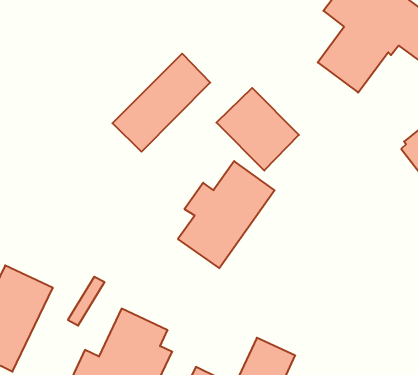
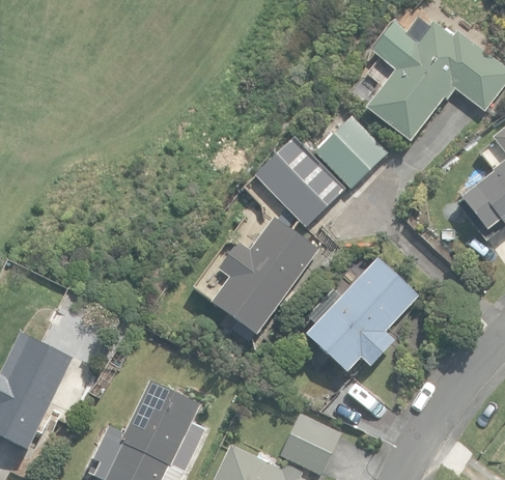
building: [112,54,210,152] -> none
building: none -> [314,109,394,188]
building: none -> [306,252,419,371]

